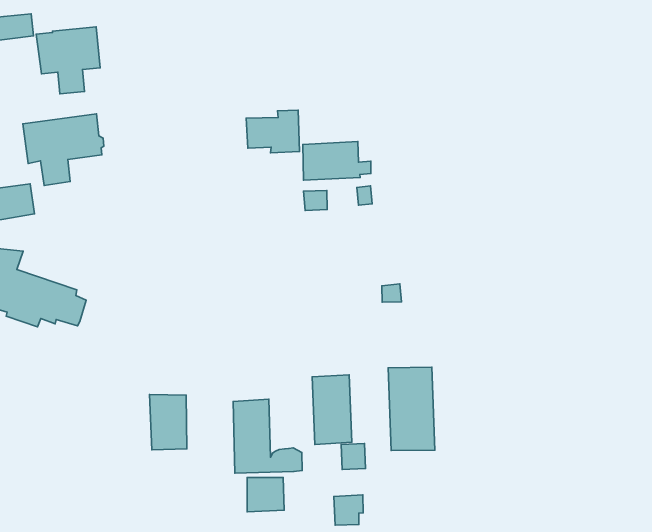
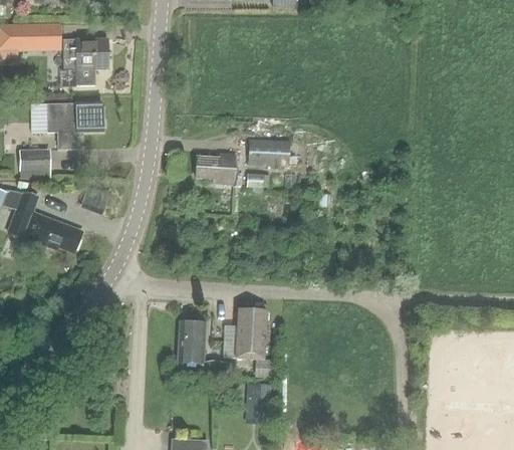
building: [246,110,299,153] -> [196,152,235,183]
building: [388,367,435,451] -> none
building: [149,395,187,450] -> none
building: [247,477,284,512] -> none

